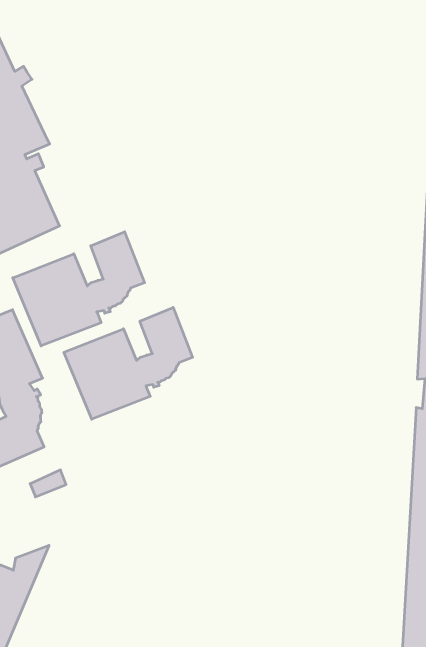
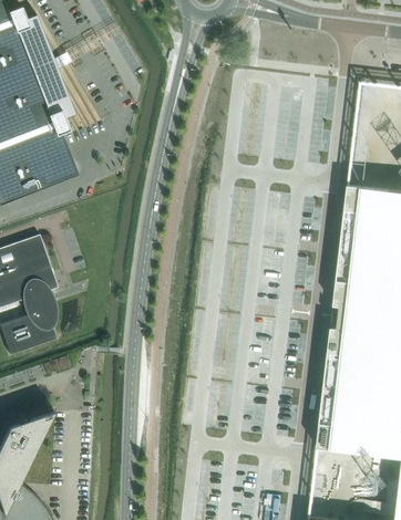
building: [13,232,145,346] -> none
building: [64,307,193,419] -> none

